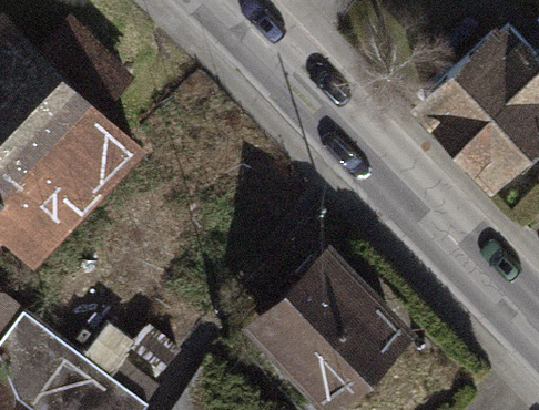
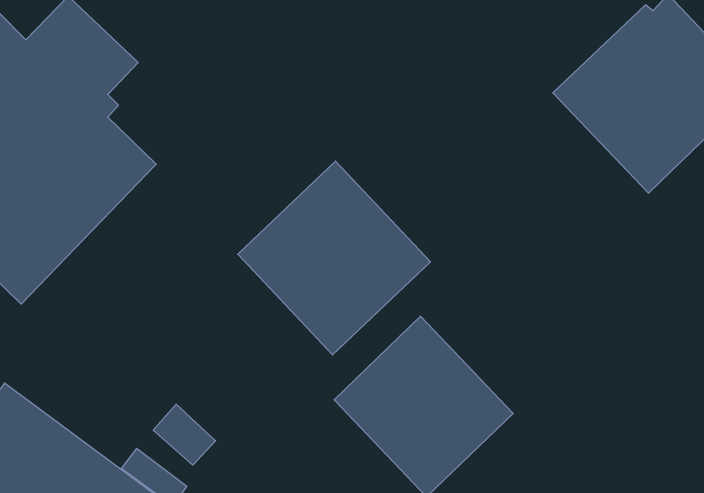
building: none -> [238,161,430,355]

